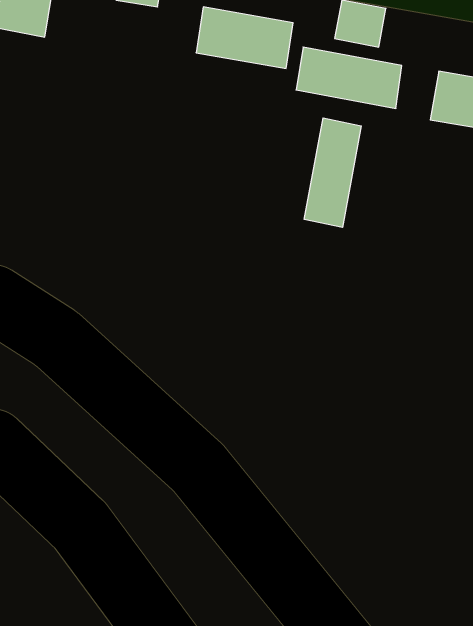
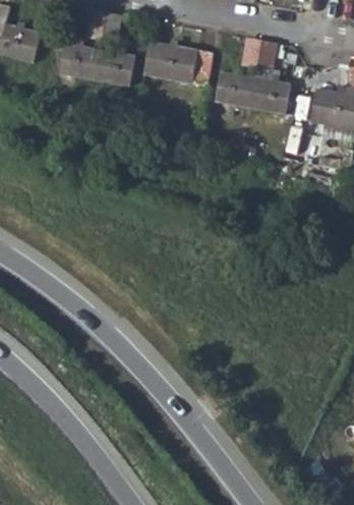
building: none -> [60,43,133,85]
building: [304,118,361,227] -> none

